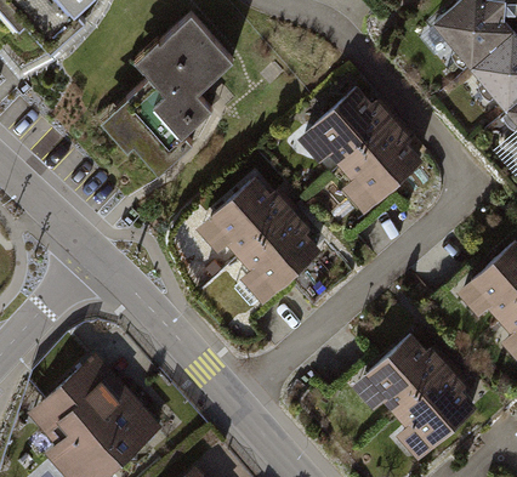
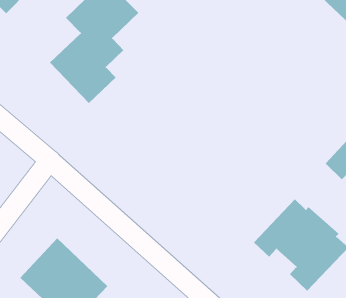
building: [299,89,421,212] -> none
building: [195,177,316,301] -> none

